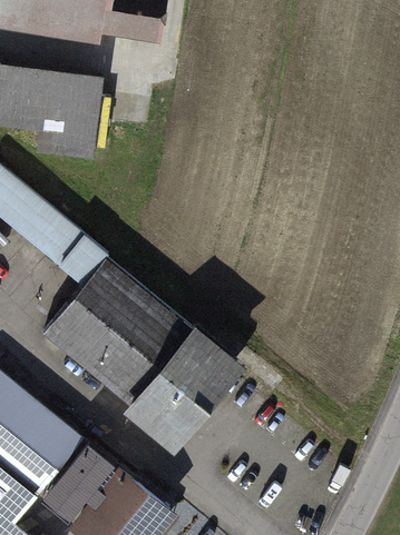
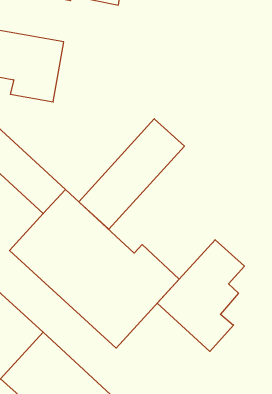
building: none -> [79,119,184,229]
building: none -> [157,240,244,351]

